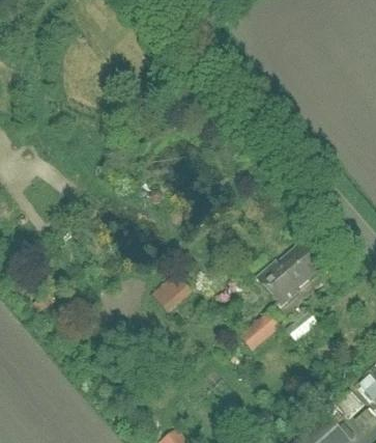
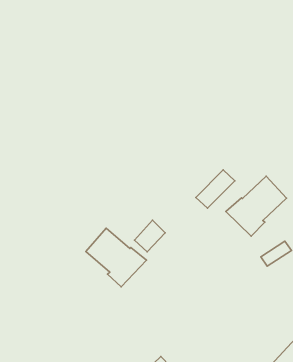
building: none -> [86,228,146,287]
building: [240,310,283,350] -> [196,170,235,208]

